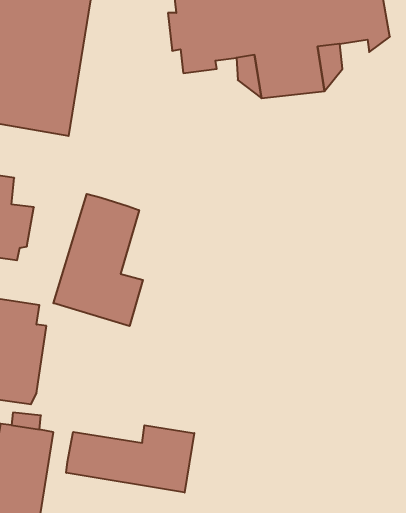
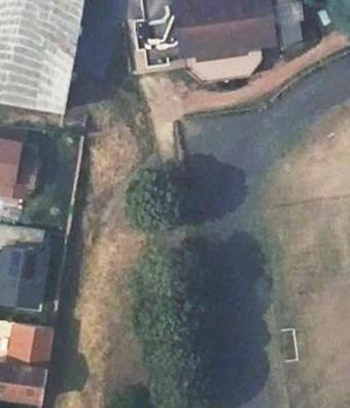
building: [53,194,143,326] -> none
building: [66,425,194,493] -> none

